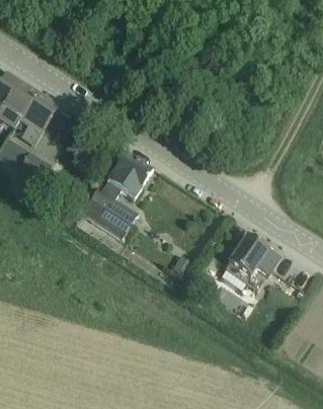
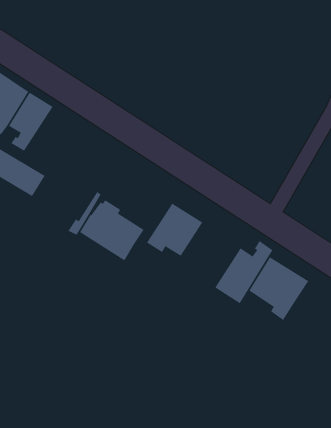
building: [102,150,152,196] -> [146,203,203,256]
building: none -> [215,240,273,304]

